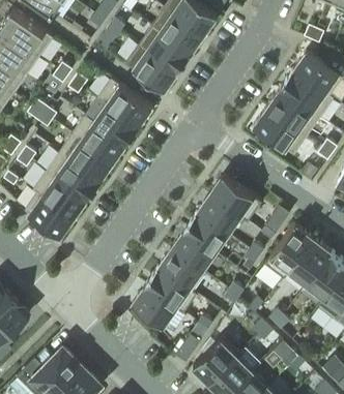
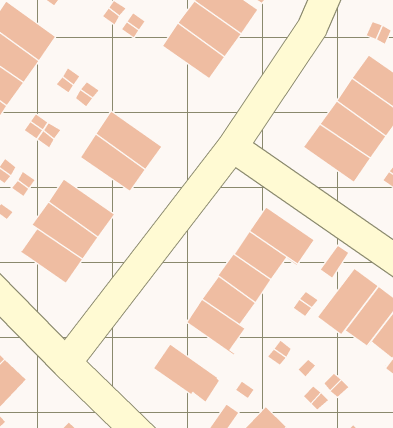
building: [125,46,177,92] -> none
building: [97,80,152,127] -> none
building: [59,135,113,182] -> none
building: [145,269,197,314] -> none

